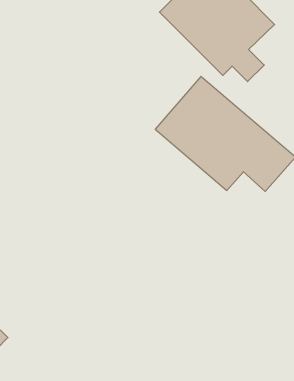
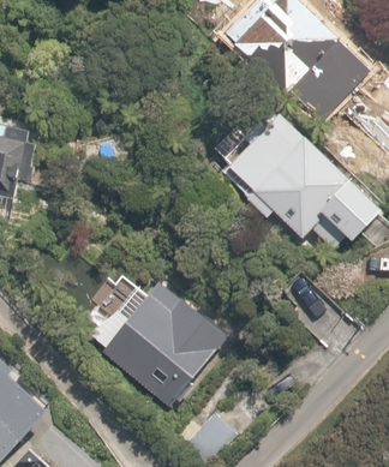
building: none -> [83,265,239,409]

